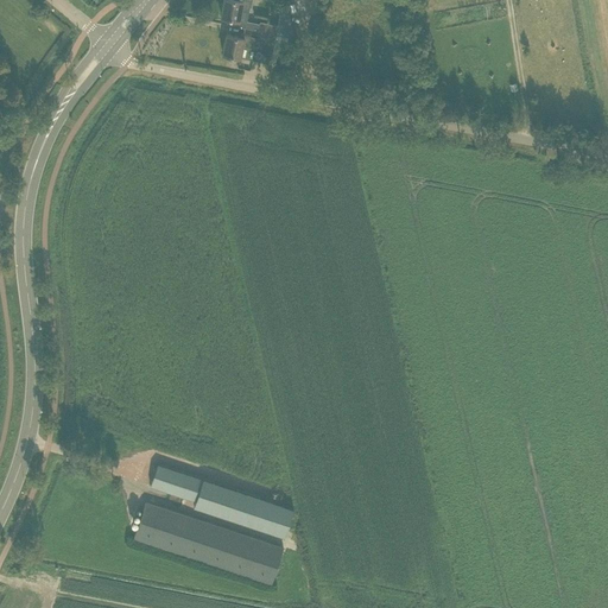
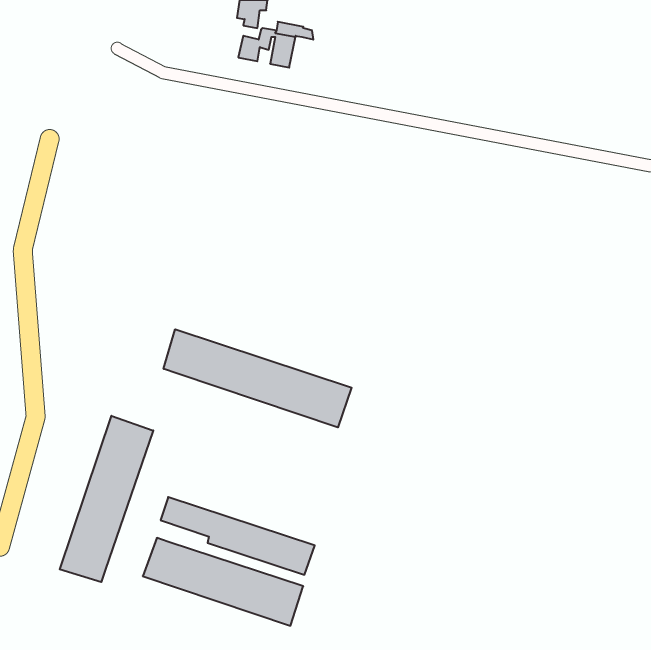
building: none -> [164,329,352,427]
building: none -> [60,416,153,582]

